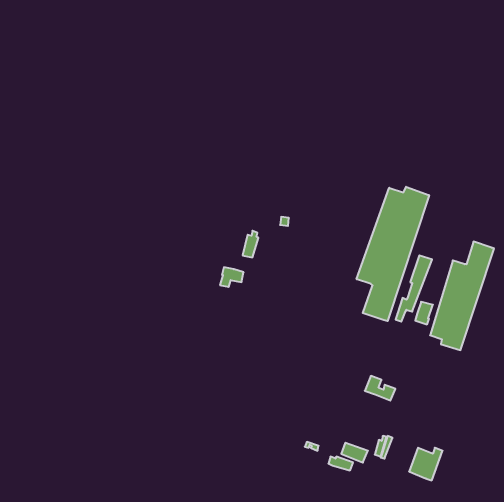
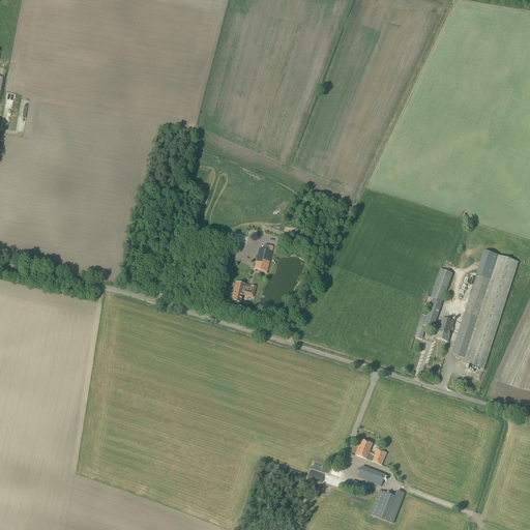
building: [357,187,429,321] -> none
building: [365,376,395,401] -> [355,438,387,464]
building: [409,448,443,480] -> [370,489,405,523]

